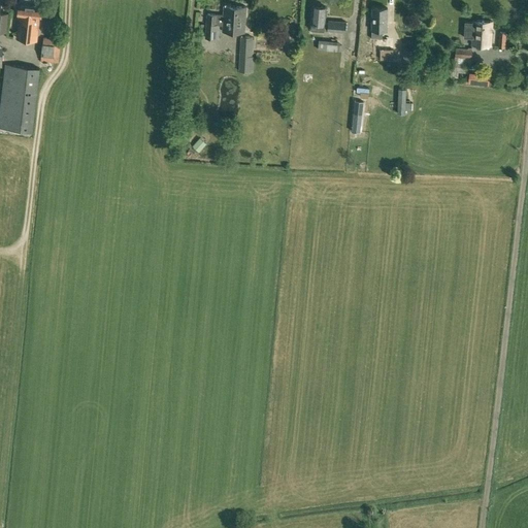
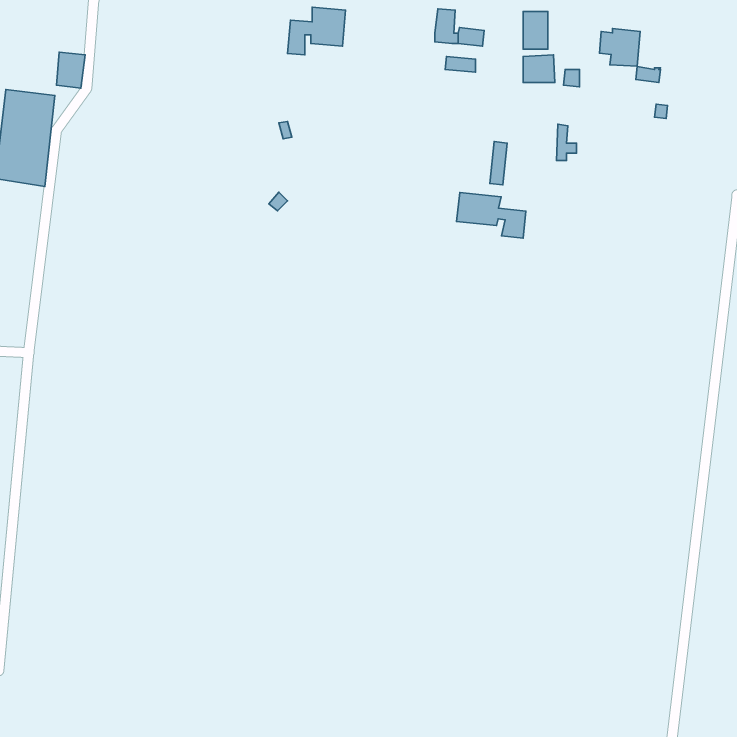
building: [15,6,41,41] -> none
building: [463,21,492,47] -> [600,29,640,66]
building: [238,37,253,72] -> none
building: none -> [457,193,526,238]

